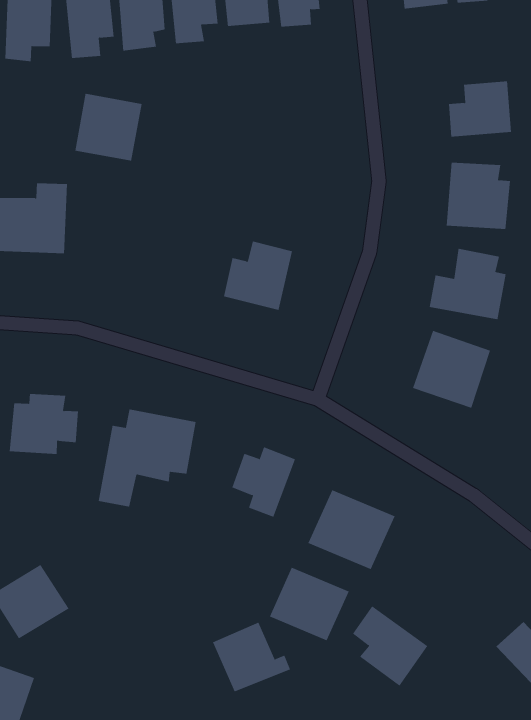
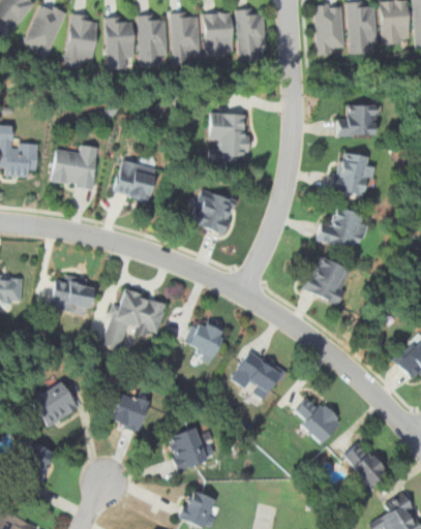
building: [74,93,142,161] -> [112,158,156,203]
building: none -> [208,112,248,162]
building: [269,567,349,641] -> none
building: none -> [110,390,149,432]
building: [352,605,428,687] -> [294,393,340,444]

